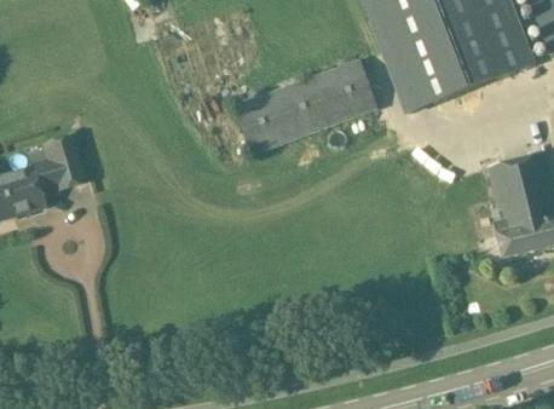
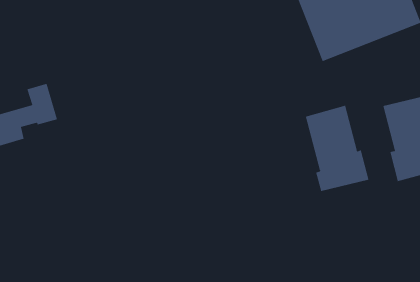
building: [232,58,377,155] -> none
building: none -> [305,105,369,192]

